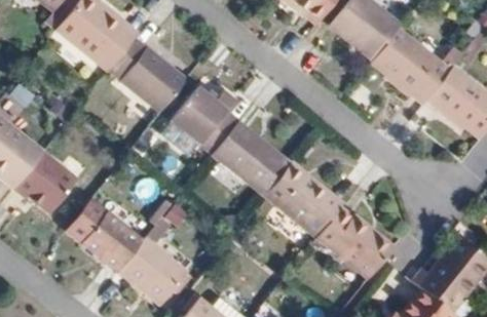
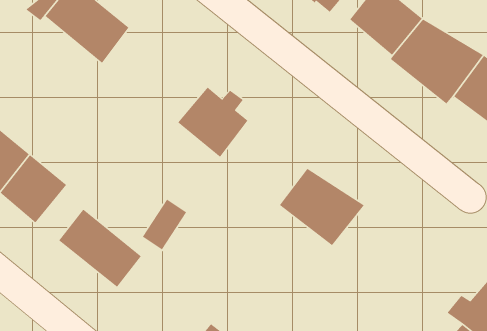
building: [103,33,181,109] -> none
building: [210,117,289,194] -> none
building: [311,194,392,272] -> none
building: [116,236,182,301] -> none

